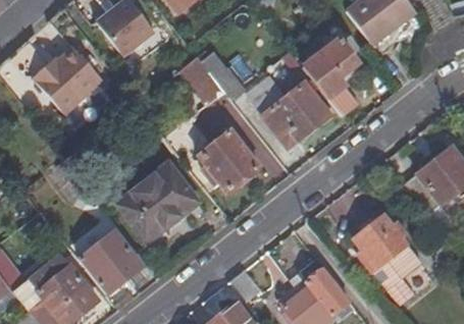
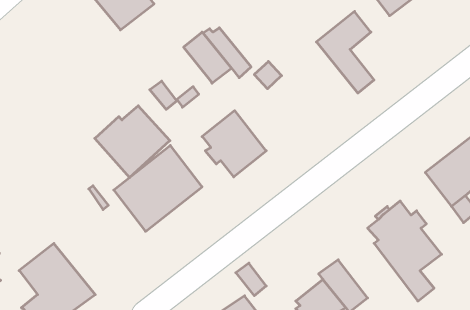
building: [32,47,102,114] -> [95,106,170,178]
building: [261,78,330,146] -> none
building: [76,230,141,293] -> none

